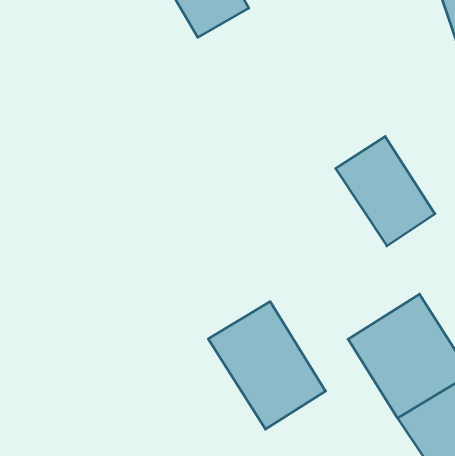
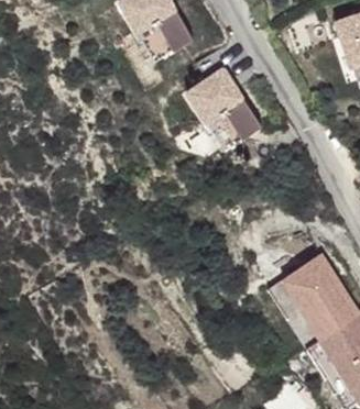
building: [336,136,435,246] -> [186,67,261,150]
building: [208,302,326,429] -> none

